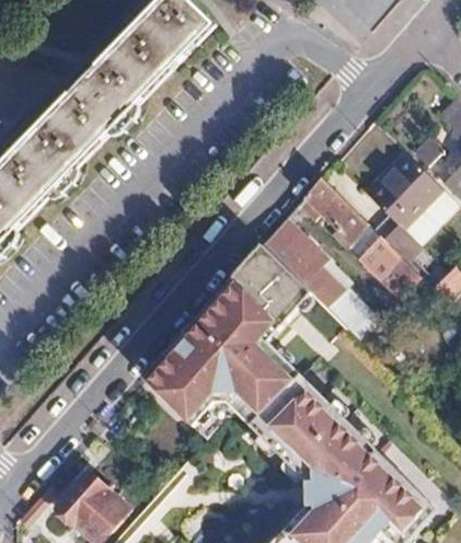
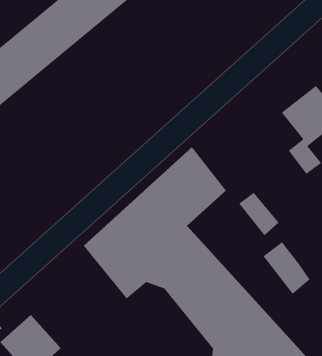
building: [300,176,367,242] -> none
building: [262,218,343,307] -> none
building: [357,236,418,300] -> [263,241,310,295]

